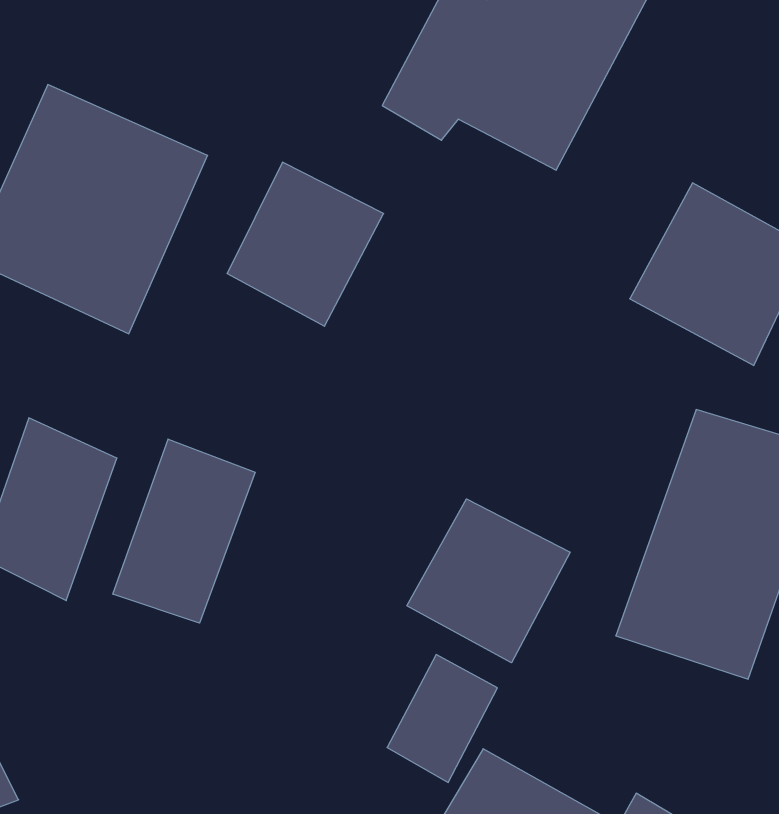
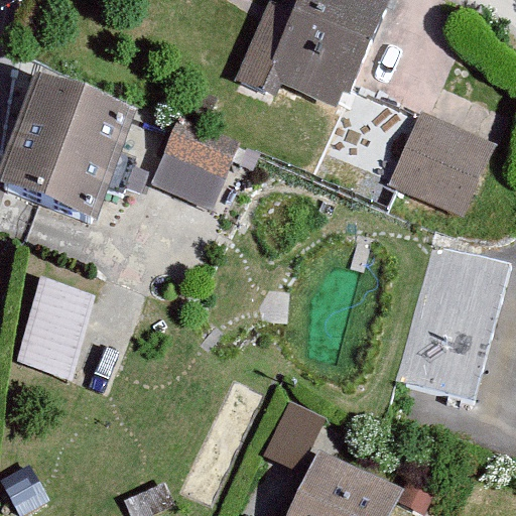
building: [113,439,255,623] -> none
building: [407,499,570,663] -> none

